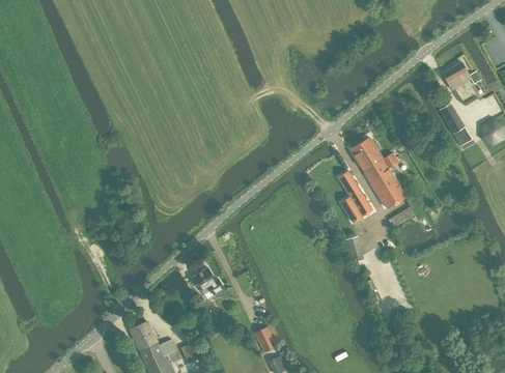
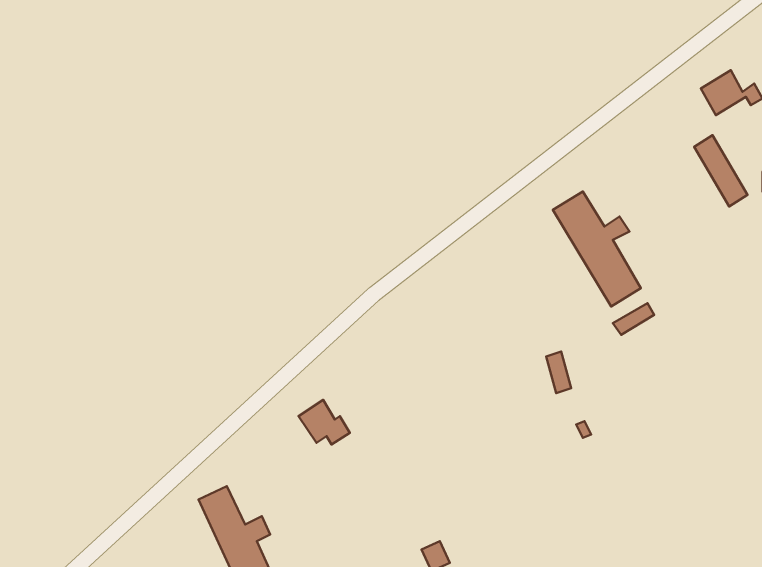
building: [338,171,372,223] -> none
building: [254,324,277,352] -> none

